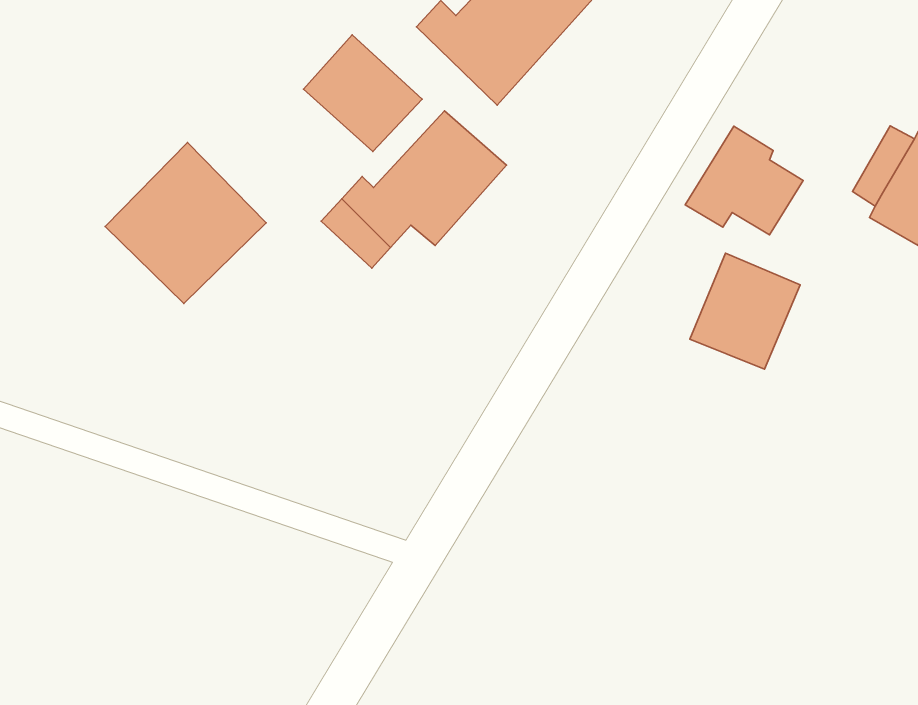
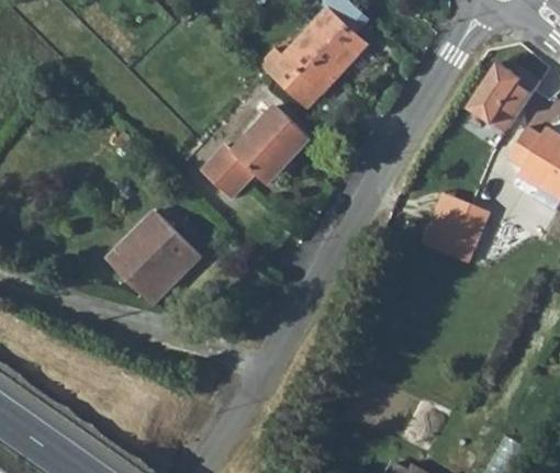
building: [304,35,422,152] -> none
building: [685,126,803,235] -> [466,64,535,127]
building: [105,142,266,303] -> [103,206,198,301]

